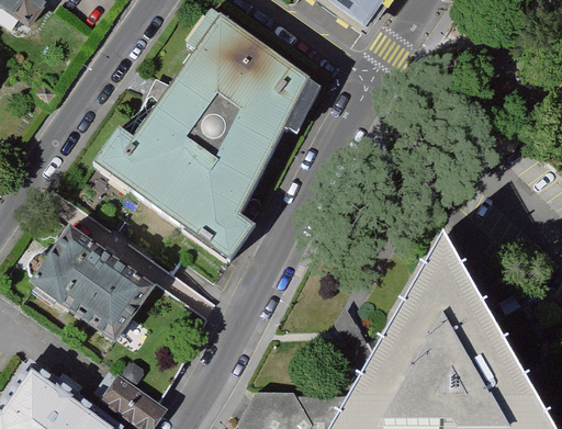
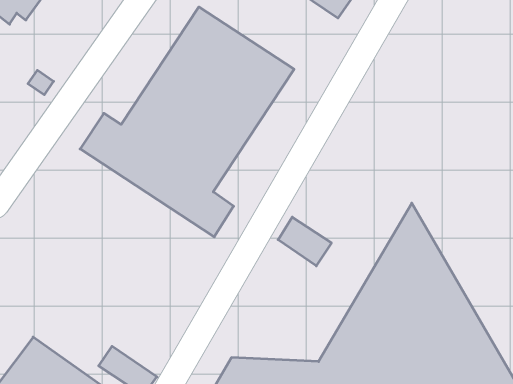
building: [41,224,160,334] -> none
building: none -> [278,217,331,266]

